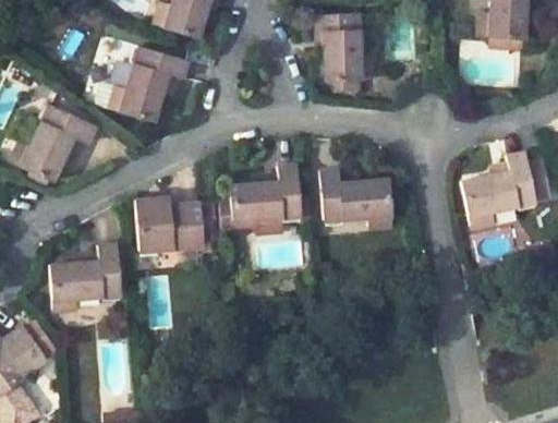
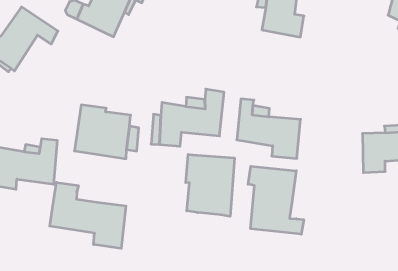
building: none -> [186,154,234,216]
building: none -> [248,166,304,234]
building: none -> [50,182,126,248]

